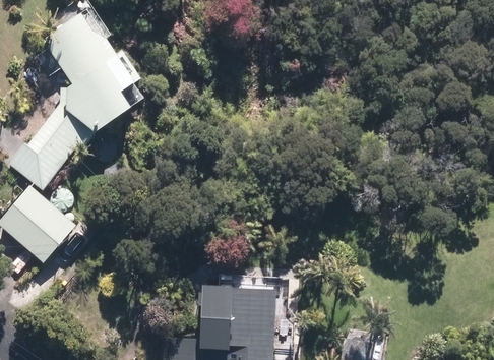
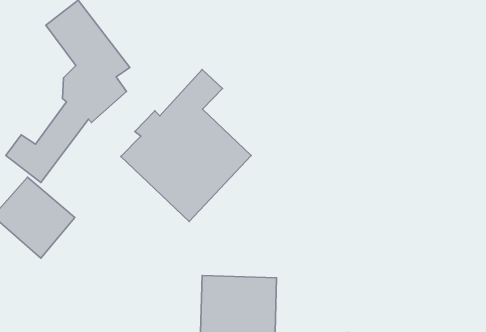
building: none -> [121,70,251,221]

